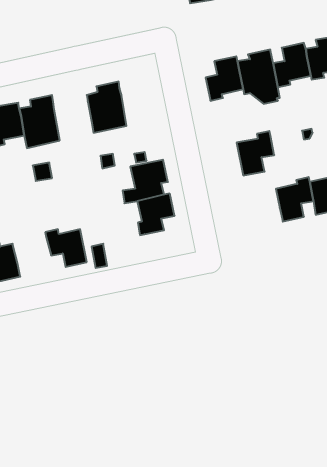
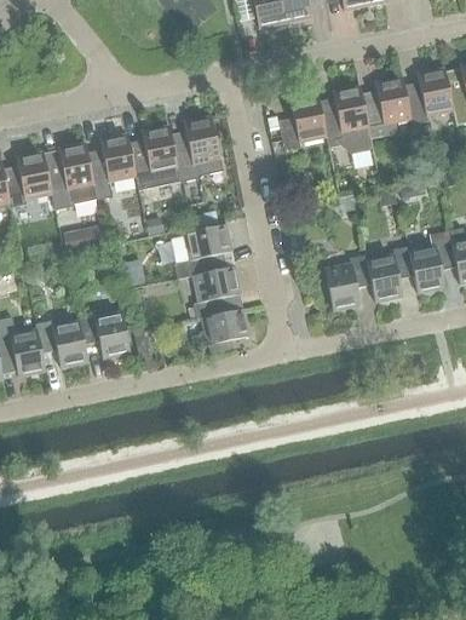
building: none -> [171,116,223,180]
building: none -> [87,133,136,199]
building: [237,131,274,175] -> [324,253,372,309]
building: none -> [191,308,249,346]
building: none -> [35,320,88,366]

